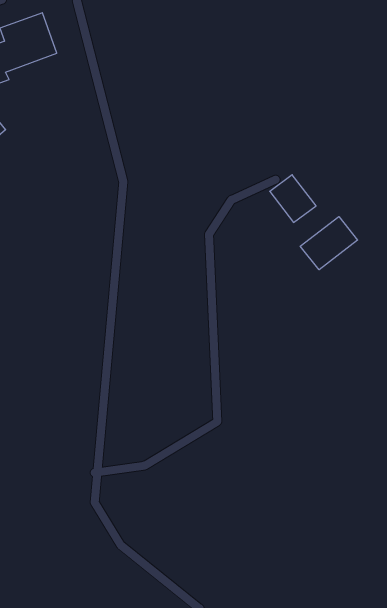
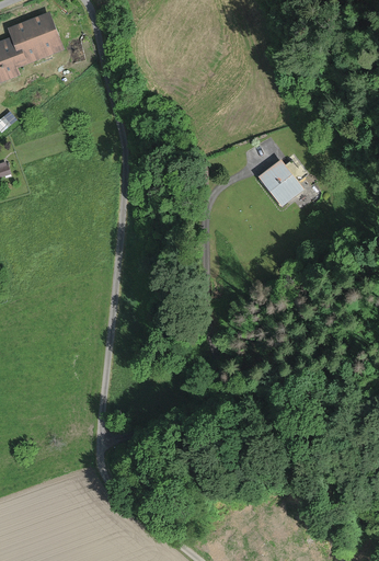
building: [300,217,358,270] -> none

